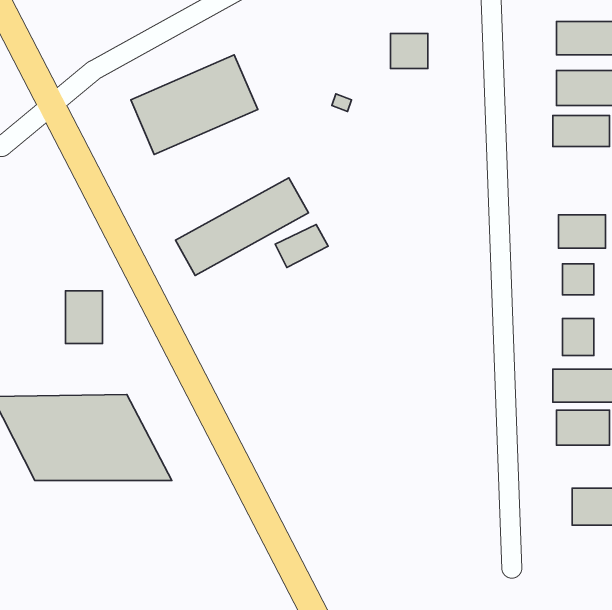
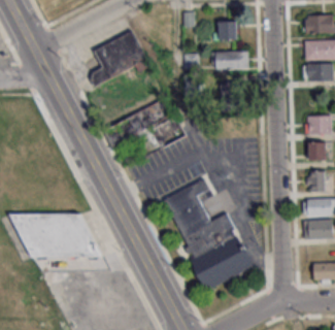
building: none -> [215,52,248,69]
building: none -> [220,82,240,112]
building: [66,291,103,344] -> none
building: none -> [164,180,254,291]

